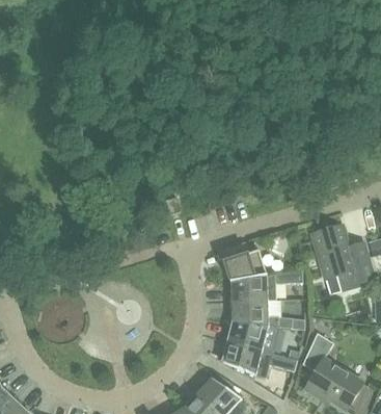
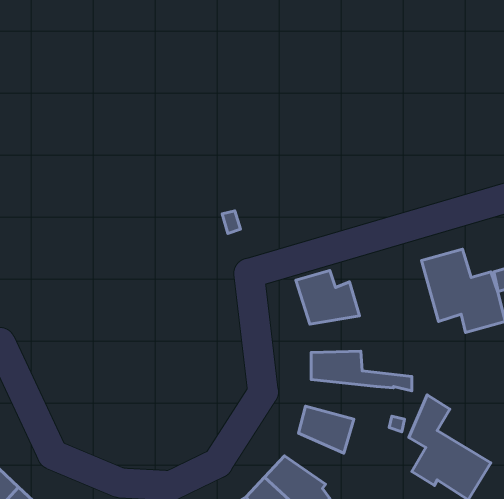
building: [230,269,303,302] -> none
building: [227,321,279,353] -> none

